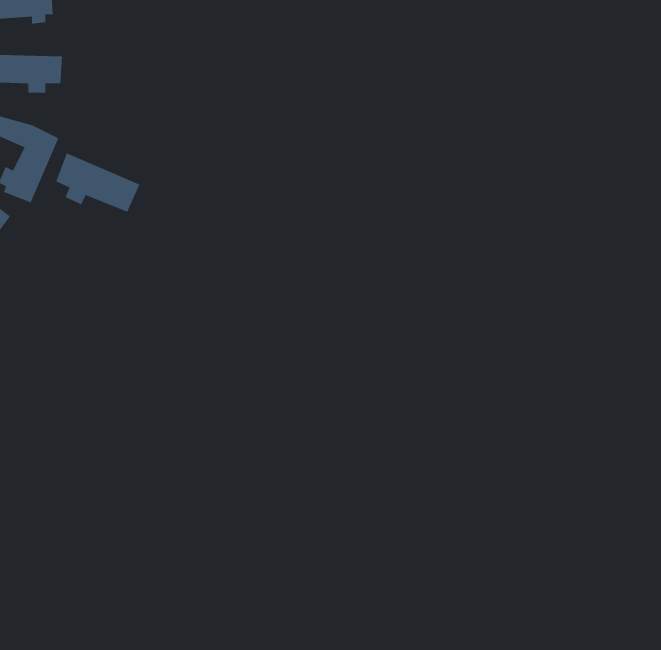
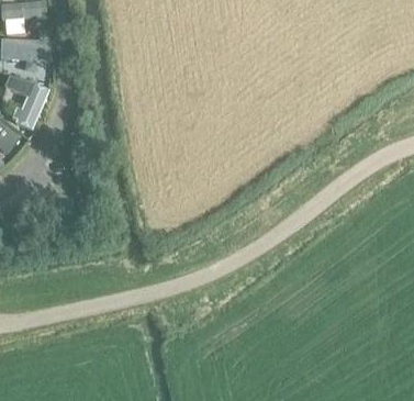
building: [55,153,140,213] -> none

